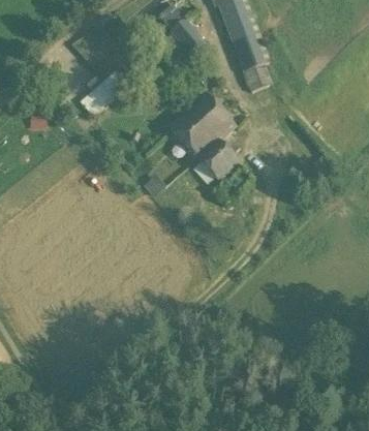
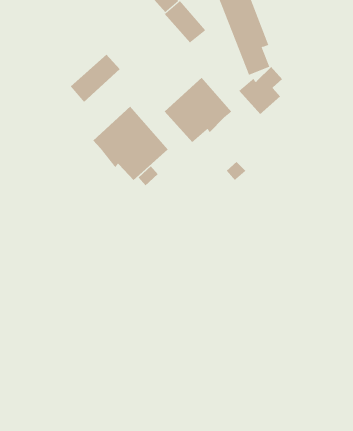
building: none -> [92,106,169,181]
building: [196,130,239,177] -> [239,66,283,115]

